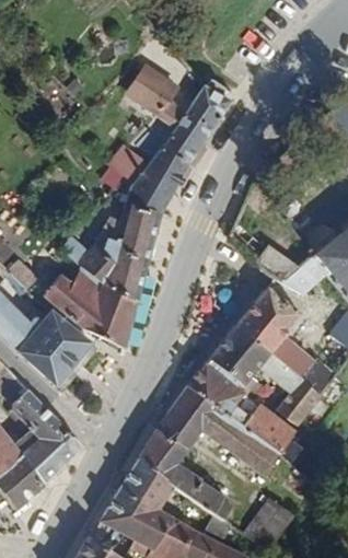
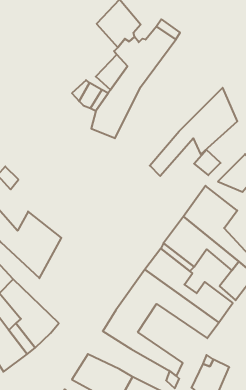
building: none -> [150,88,237,176]
building: [46,211,154,345] -> none
building: [120,463,174,510] -> none

